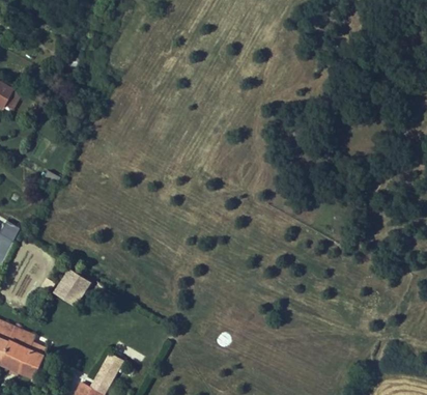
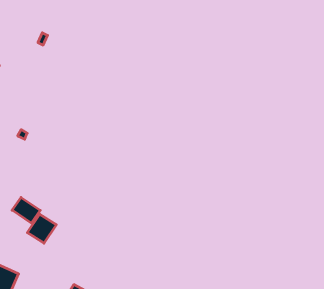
building: none -> [12,197,40,223]

